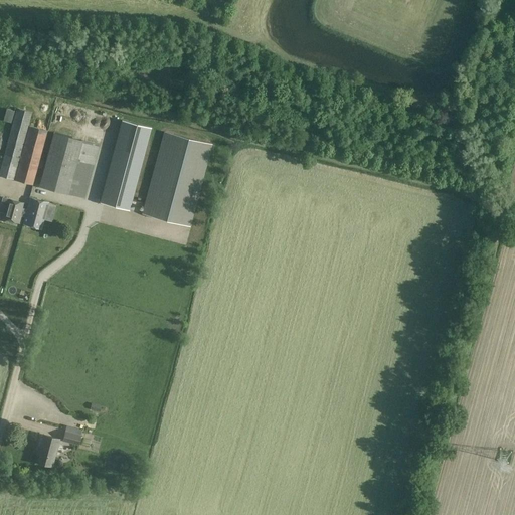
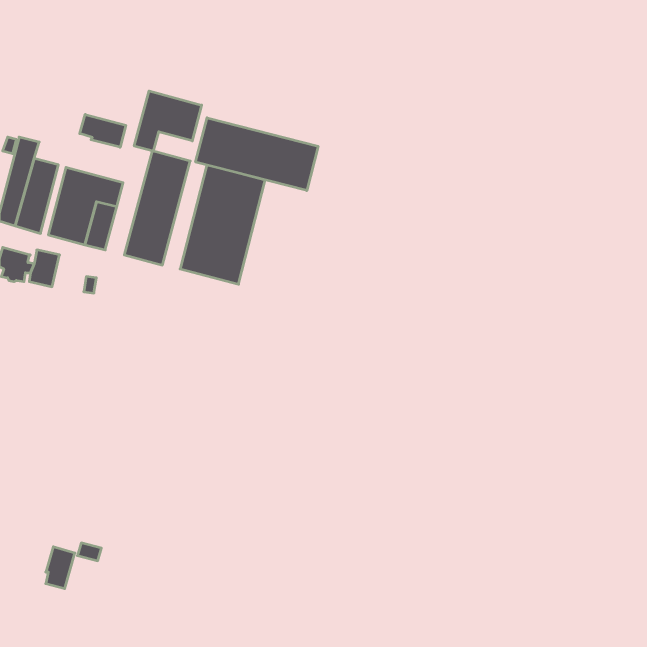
building: none -> [134,91,202,151]
building: none -> [80,114,126,147]
building: none -> [196,118,318,191]

